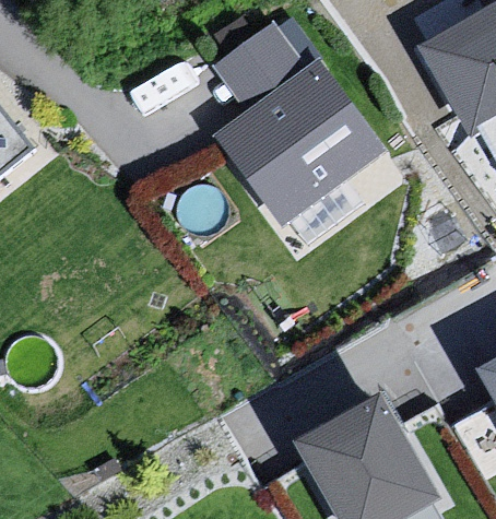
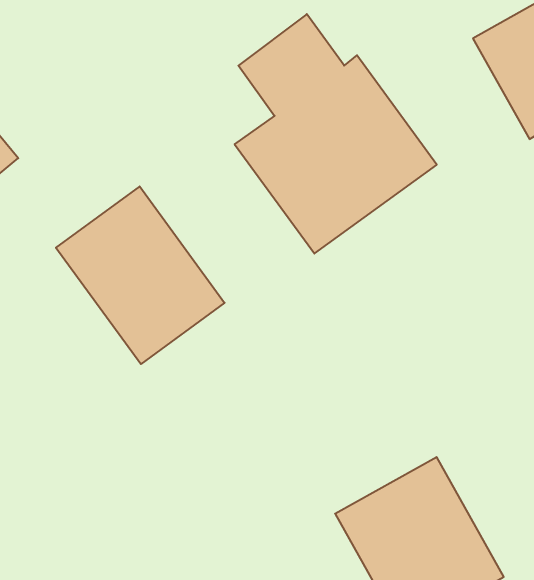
building: none -> [56,186,225,364]

